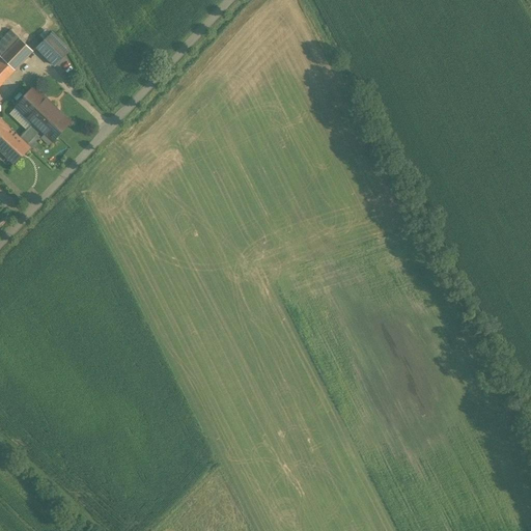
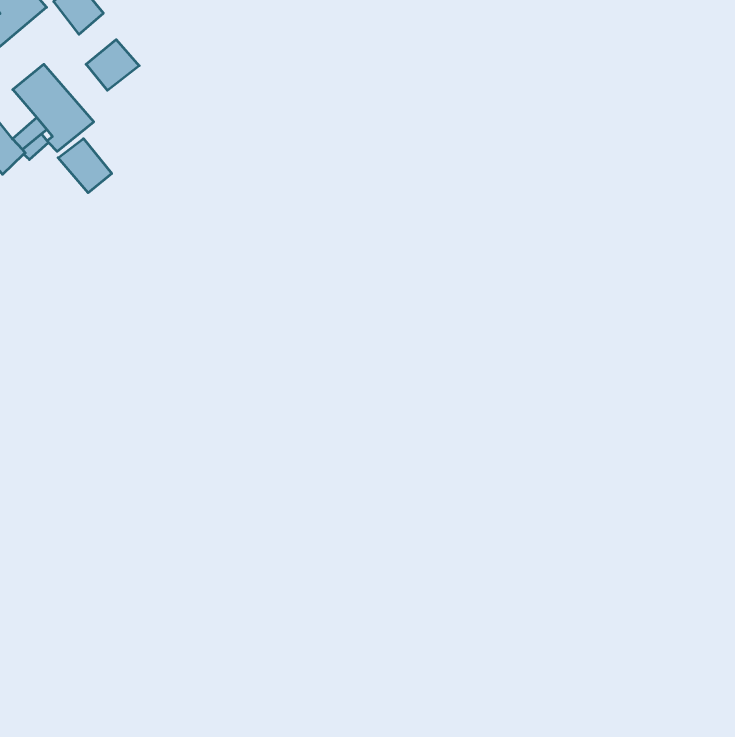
building: none -> [86,40,139,90]
building: none -> [58,139,112,193]

